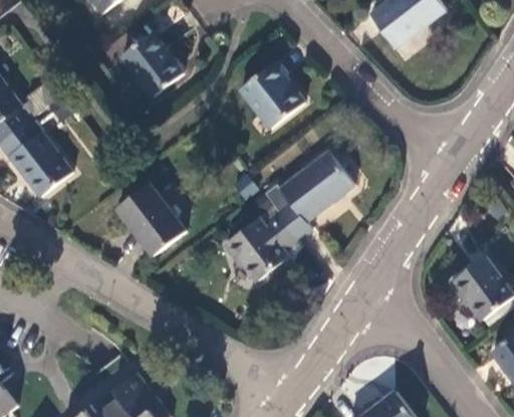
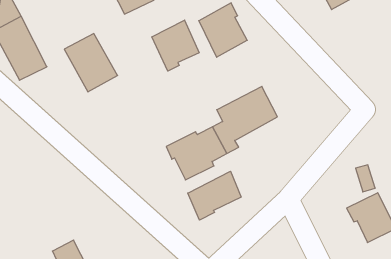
building: none -> [152,20,199,71]
building: [116,184,185,254] -> [64,34,118,92]
building: none -> [188,171,241,220]

